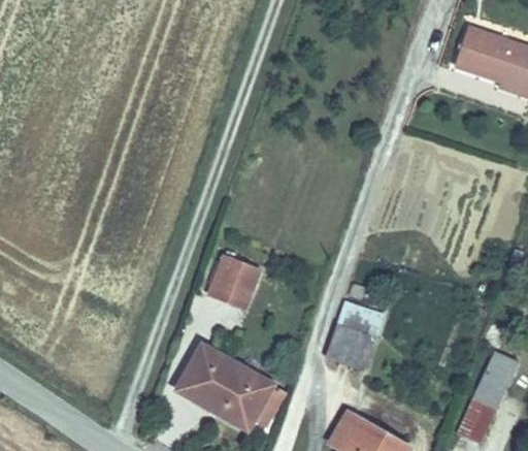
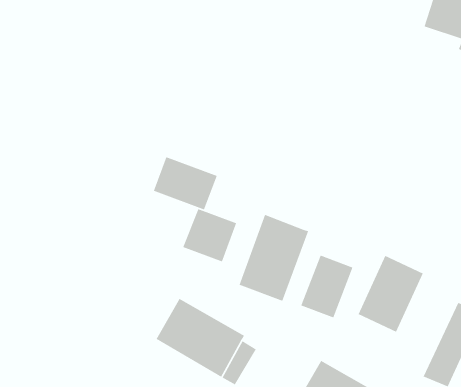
building: none -> [153,156,218,211]
building: none -> [239,214,309,302]
building: none -> [357,255,424,333]

